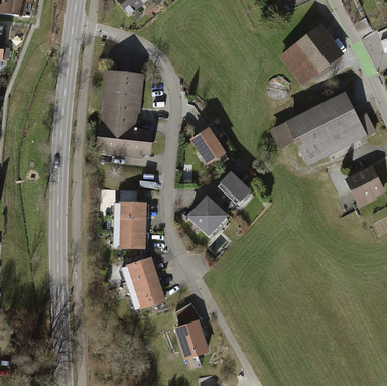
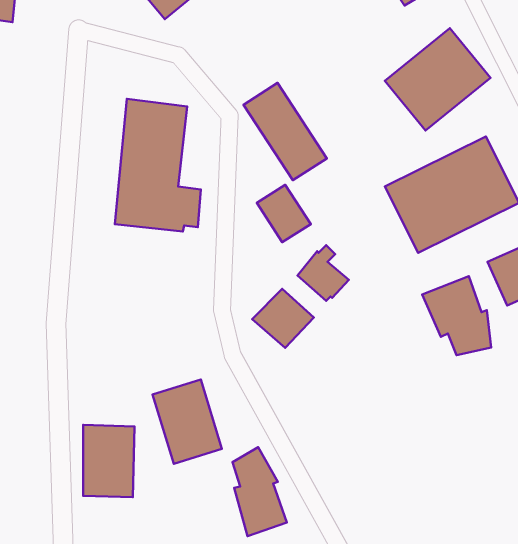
building: none -> [243,83,327,180]
building: none -> [422,276,491,355]
building: [112,199,146,247] -> [83,425,134,497]

